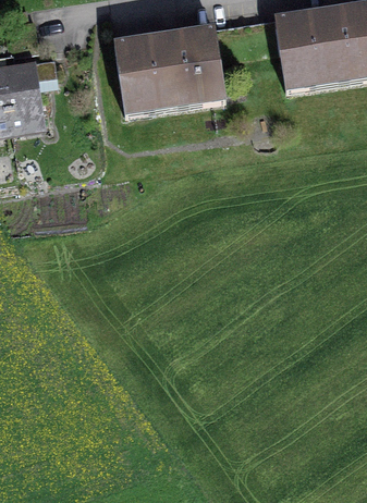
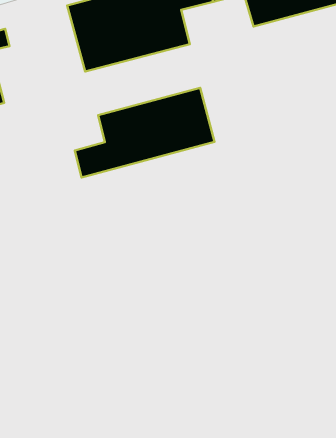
building: none -> [75,88,214,178]

